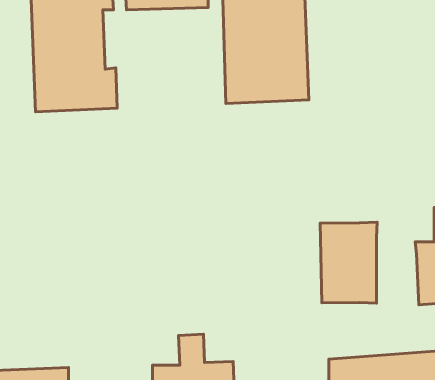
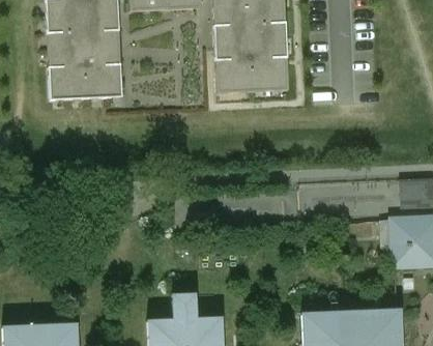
building: [320,222,377,303] -> none

